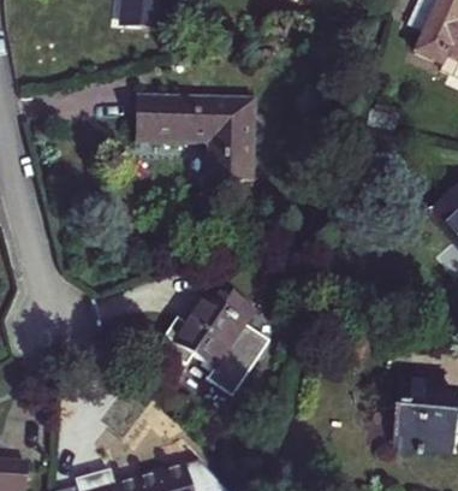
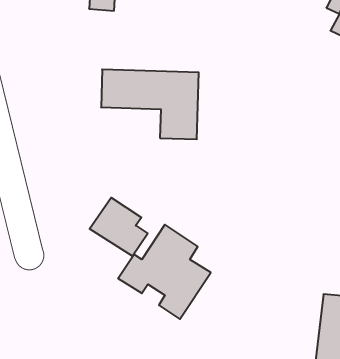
building: none -> [90,198,148,256]

